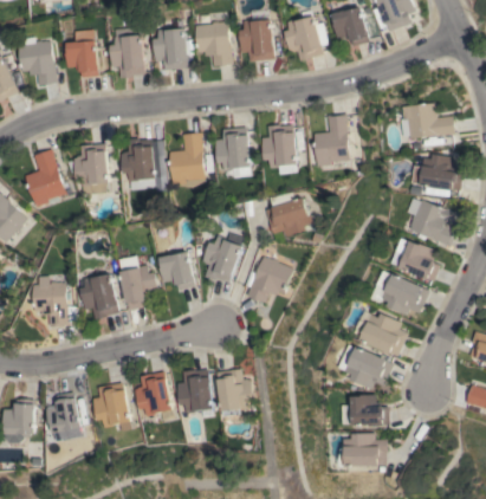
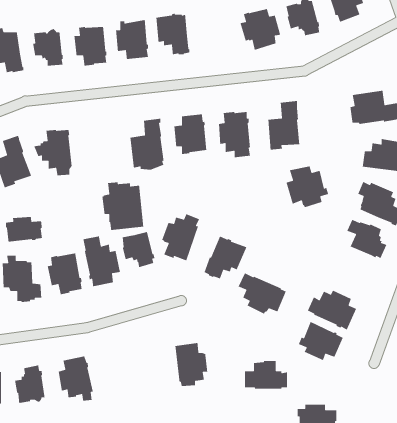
building: [239,20,274,63] -> none
building: [121,138,166,190] -> [102,181,144,231]
building: [265,193,311,238] -> [285,165,329,208]
building: none -> [5,216,43,242]
building: [377,271,429,316] -> [238,272,287,315]
building: [176,370,212,417] -> none
building: [134,371,171,417] -> none
building: [343,395,389,426] -> [244,360,288,389]

